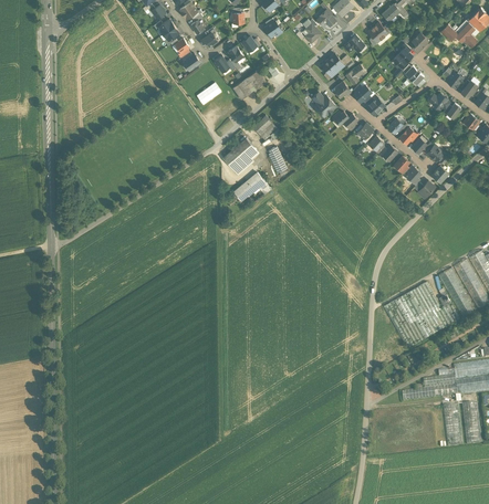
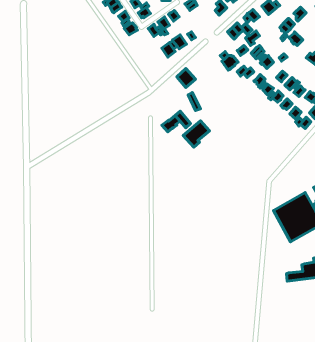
building: [222,138,258,174] -> [183,121,209,147]

